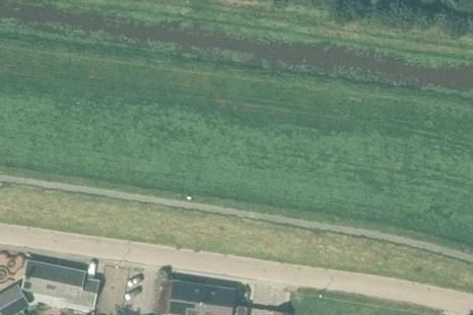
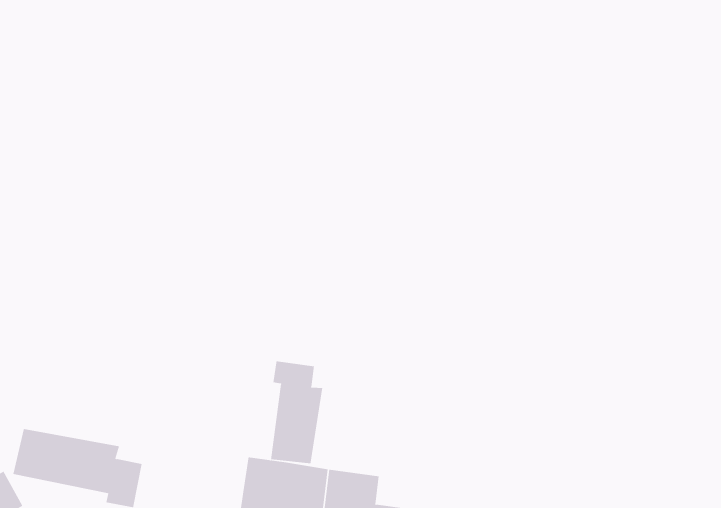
building: none -> [271,361,323,464]

